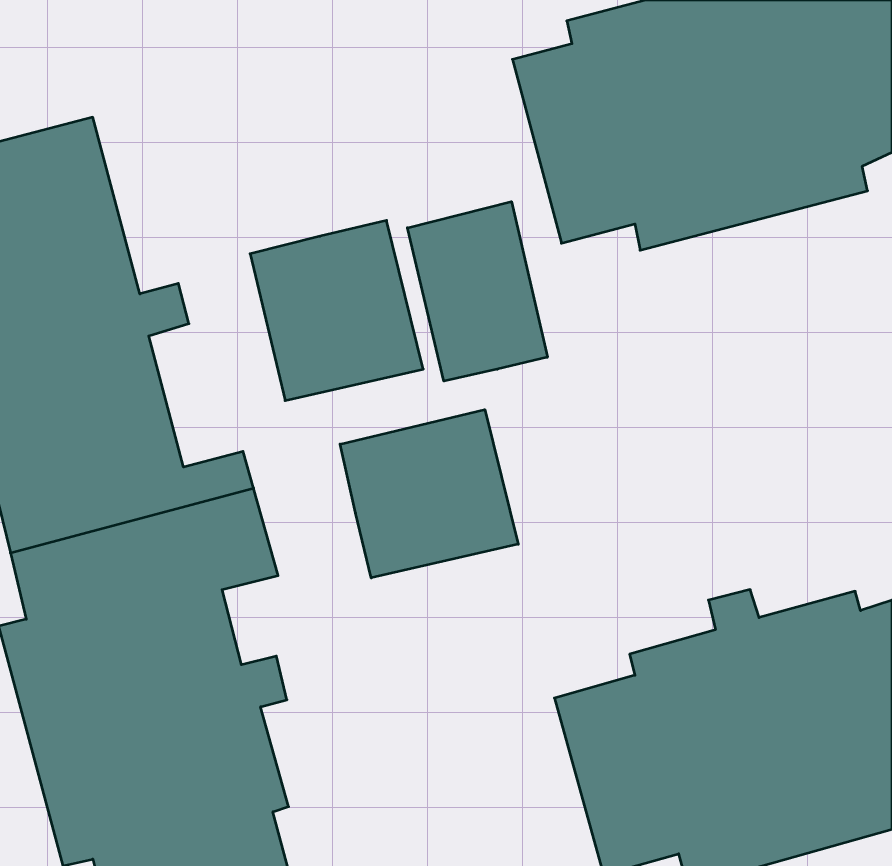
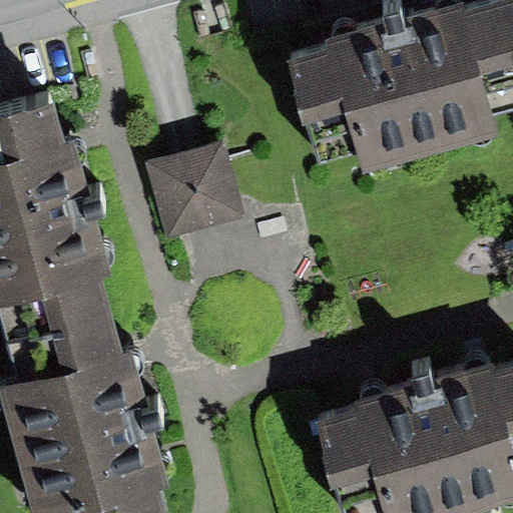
building: [407,202,547,381] -> none
building: [340,410,518,578] -> none

